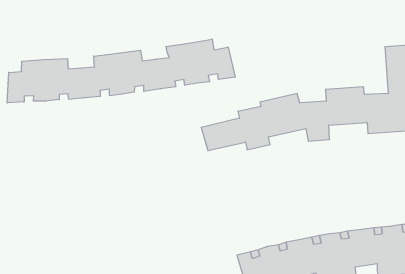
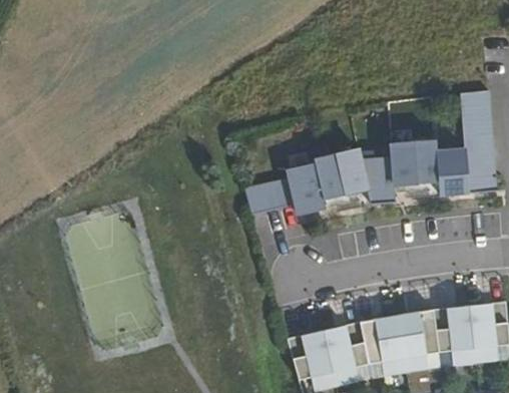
building: [7,39,235,103] -> none

